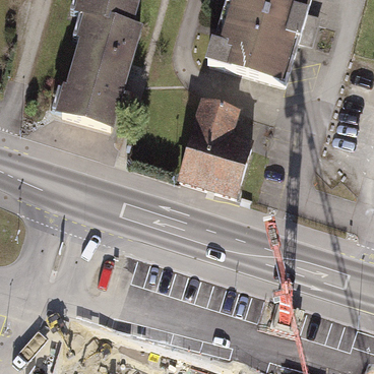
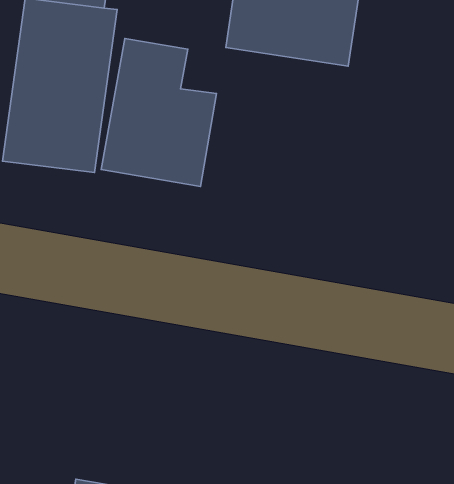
building: [176,98,255,197] -> [101,38,217,186]

